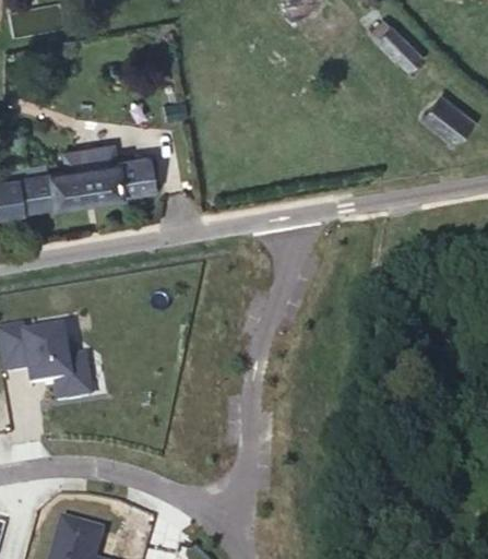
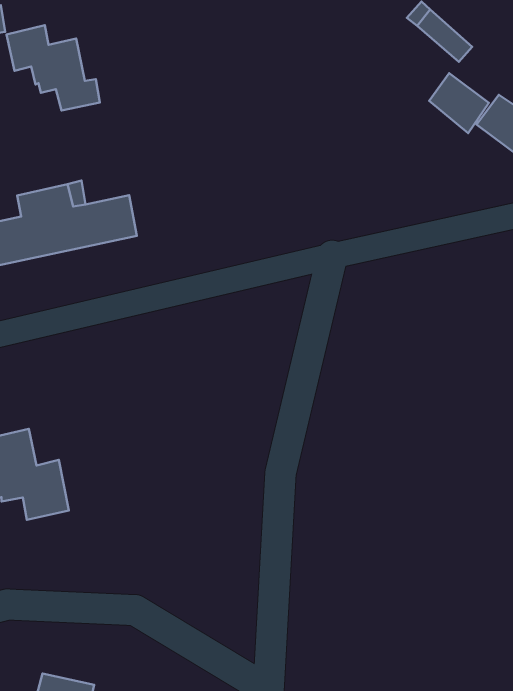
building: none -> [7,25,100,111]
building: none -> [429,73,489,133]

